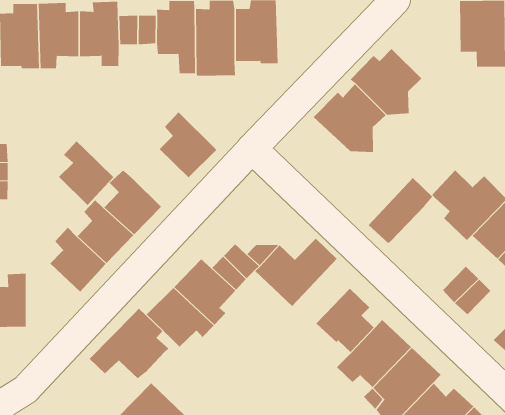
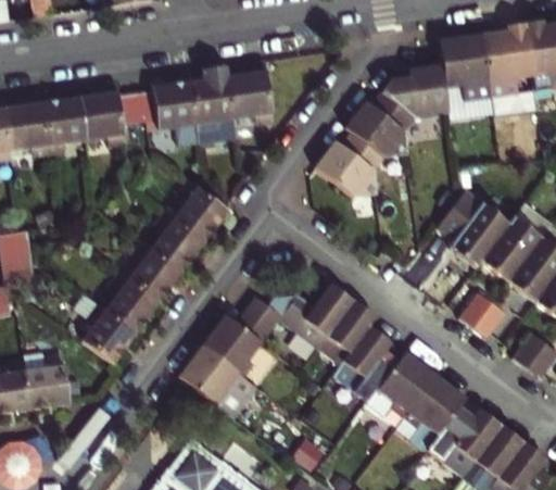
building: none -> [380,65,448,118]
building: [58,140,114,206] -> [150,211,203,272]
building: [368,177,433,244] -> [317,300,376,366]
building: [89,308,169,379] -> none

